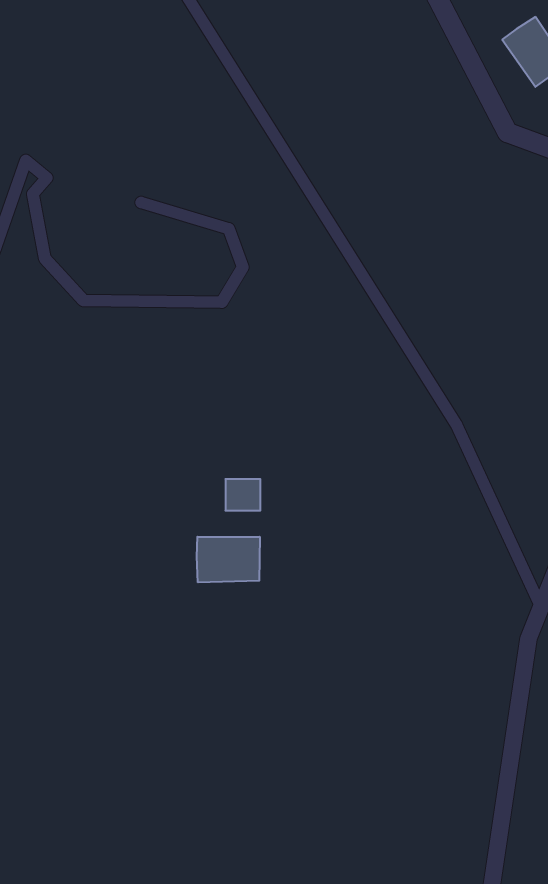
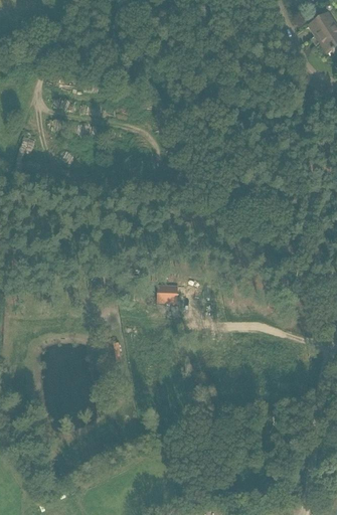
building: [197,537,260,582] -> none

